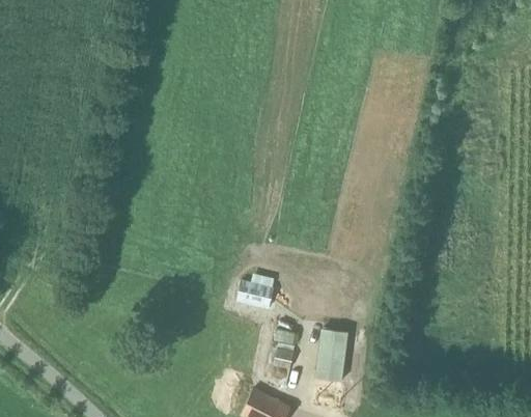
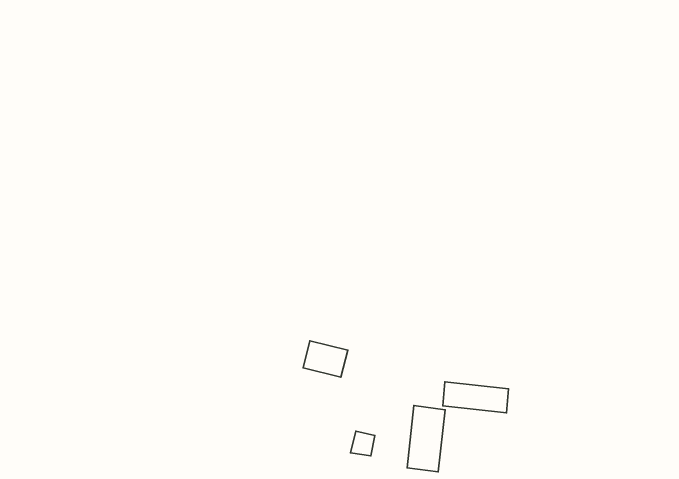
building: none -> [443,382,508,413]

